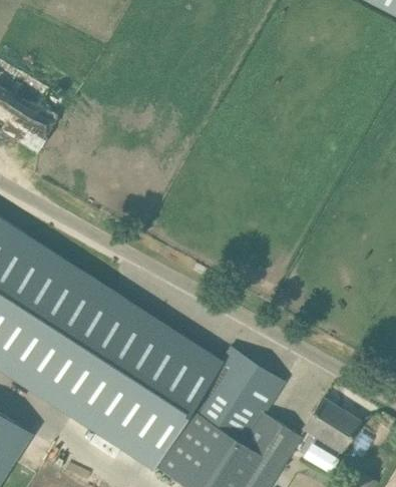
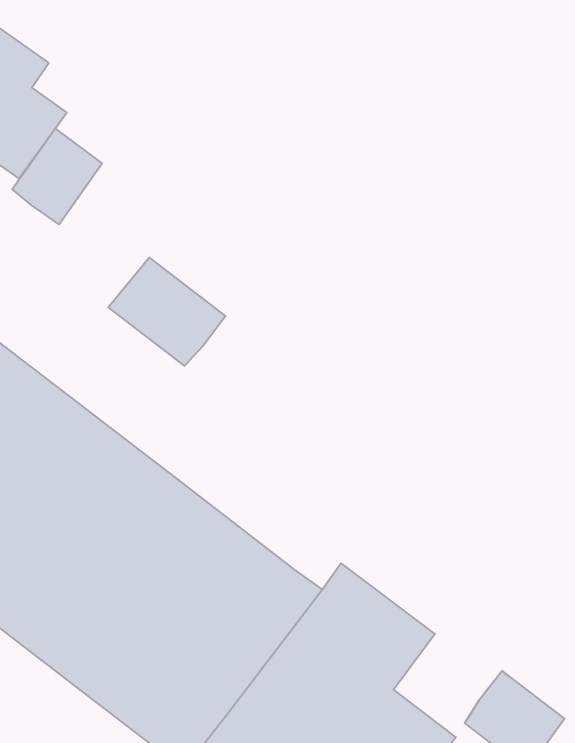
building: none -> [12,128,102,224]
building: none -> [108,258,226,366]

